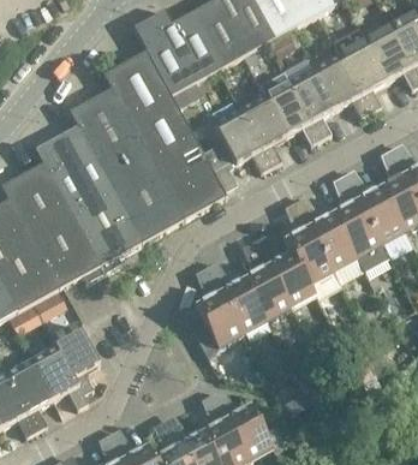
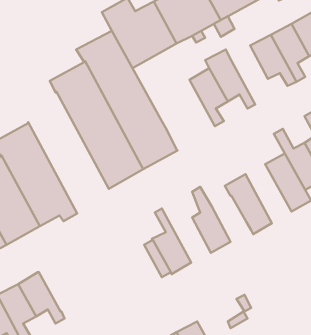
building: [288,67,335,139] -> none
building: [205,109,270,172] -> none
building: [34,124,141,273] -> none
building: [294,197,364,285] -> none
building: [267,251,315,308] -> none
building: [205,261,265,333] -> none
building: [49,322,98,393] -> none

